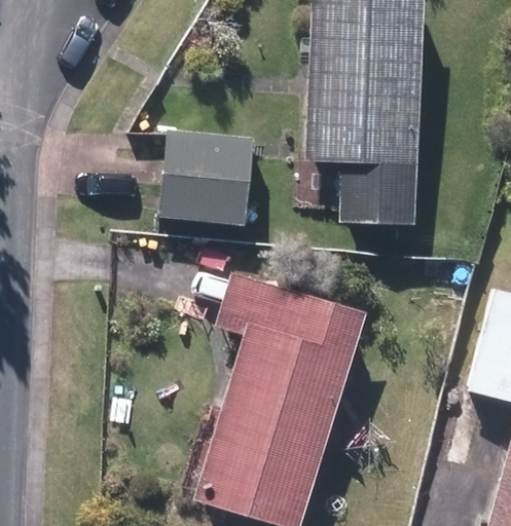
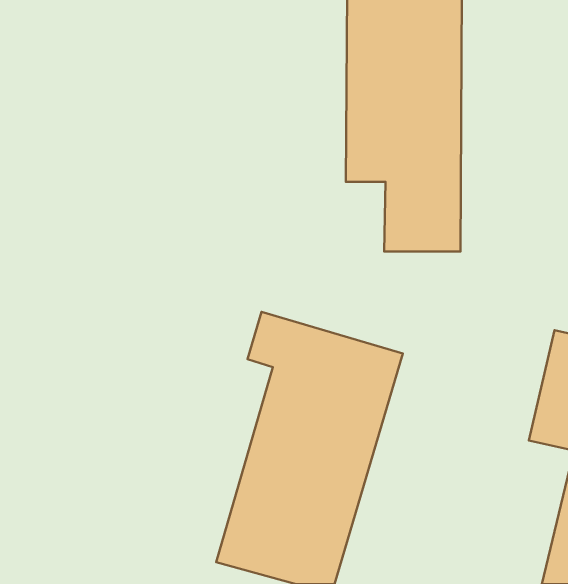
building: [166,132,253,221] -> none

